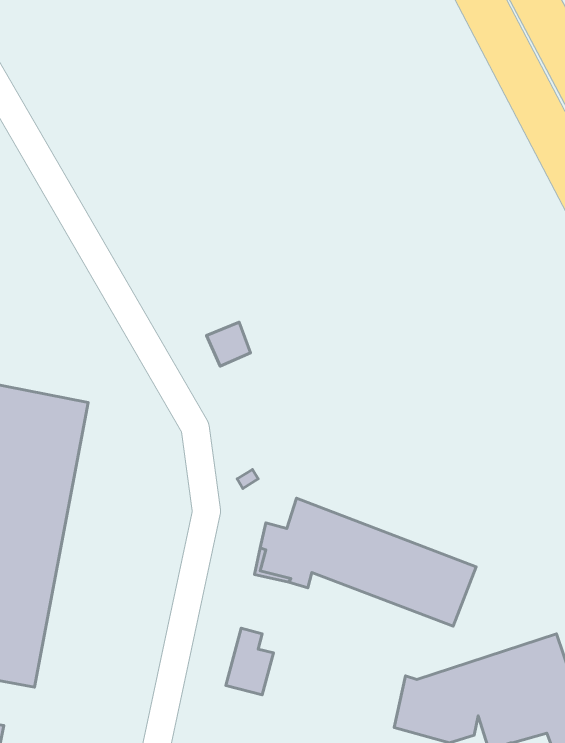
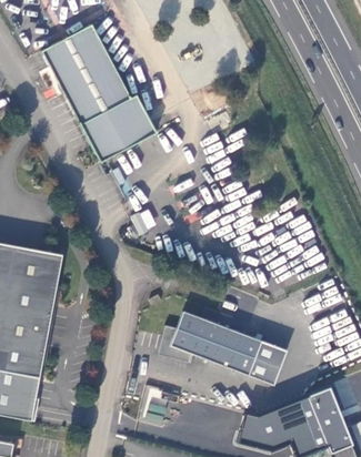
building: none -> [41,28,158,164]

